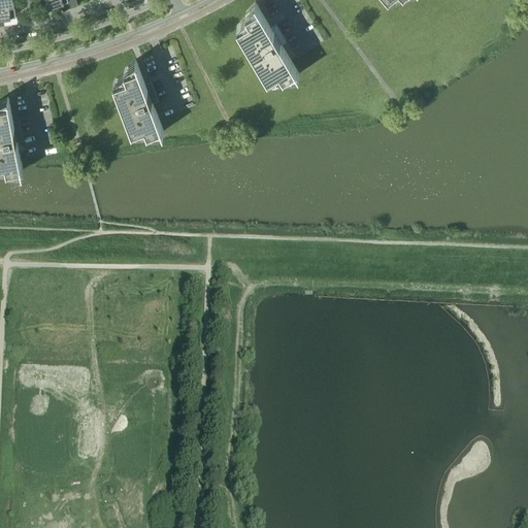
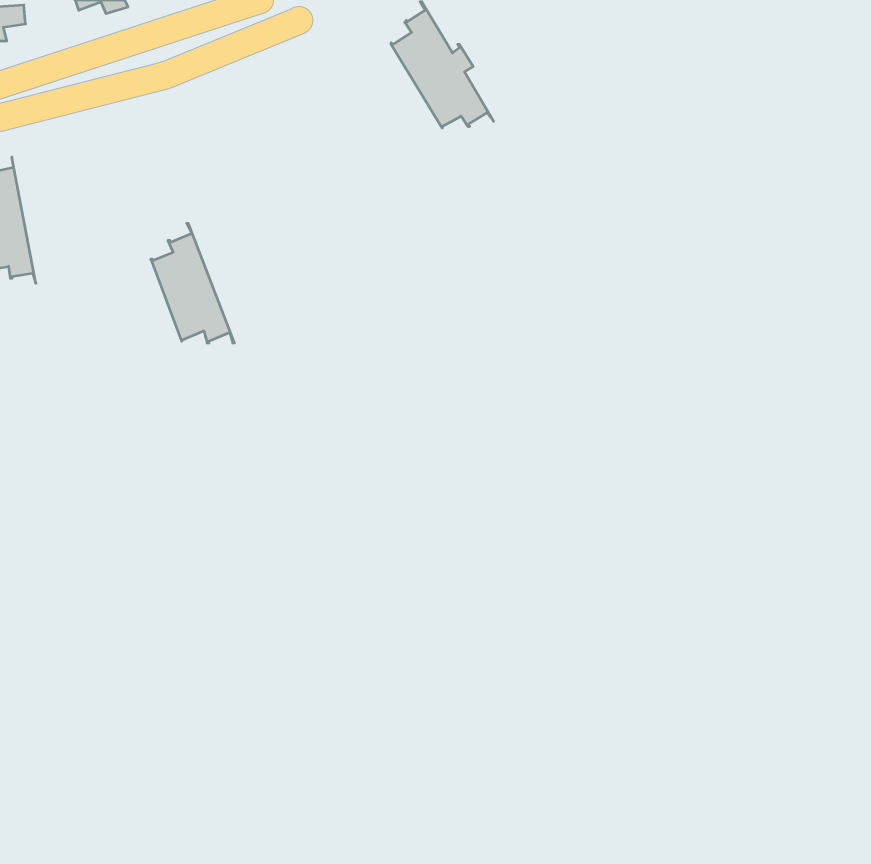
building: [112,64,163,136] -> [151,223,234,343]

